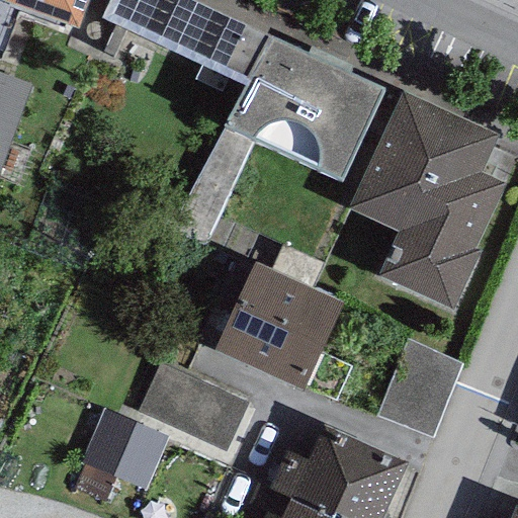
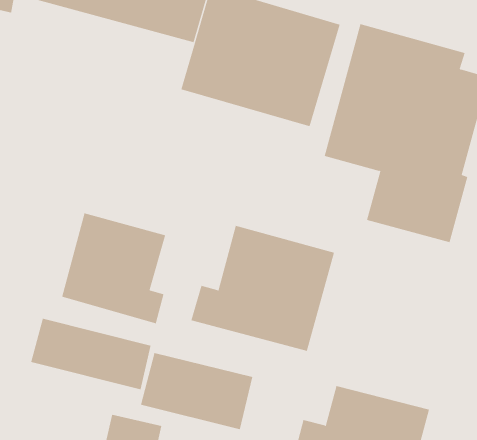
building: none -> [61,213,166,324]
building: none -> [31,318,151,390]
building: [377,341,463,439] -> none

